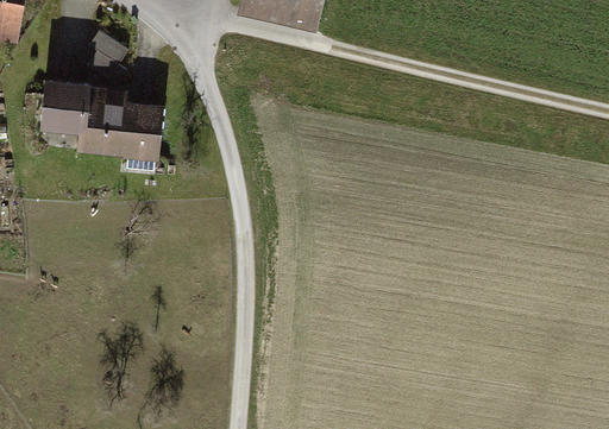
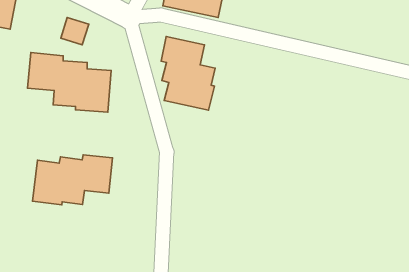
building: none -> [161,37,215,110]
building: none -> [32,155,113,205]

